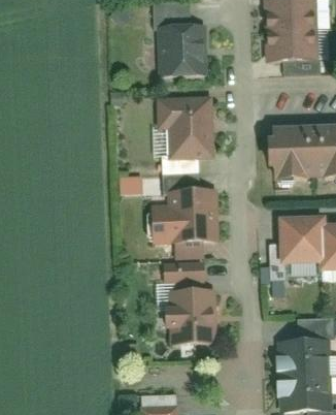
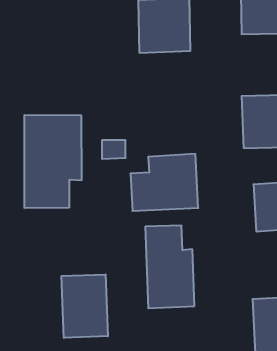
building: [156,95,214,157] -> none
building: none -> [24,115,81,208]
building: none -> [62,274,108,338]

